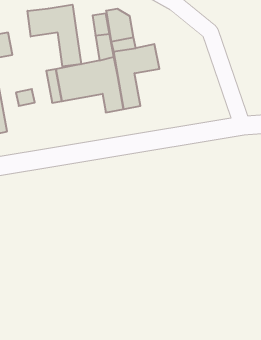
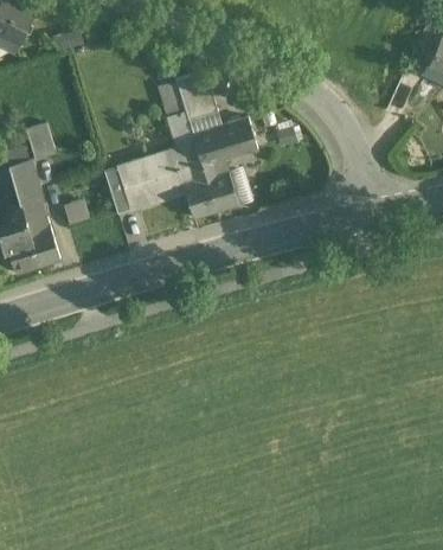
building: [28,5,81,67] -> none

